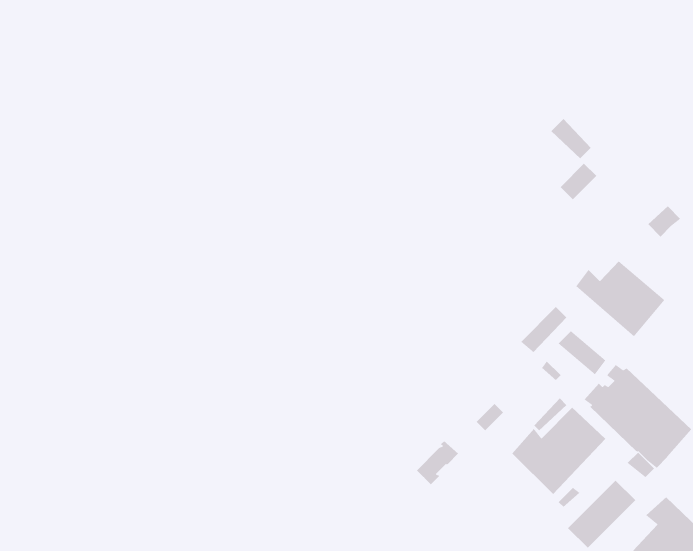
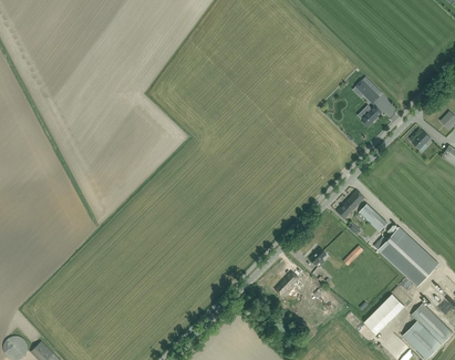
building: [576,260,665,337] -> none
building: [511,407,606,495] -> none

